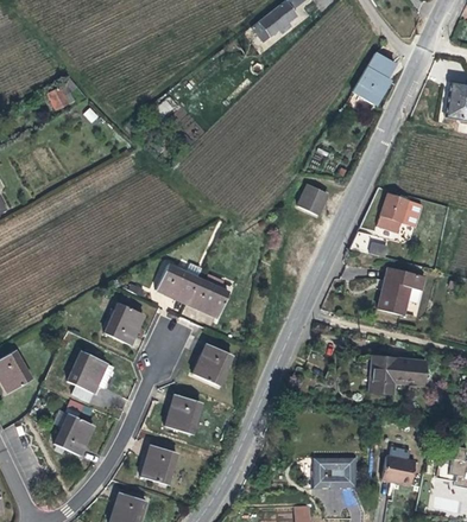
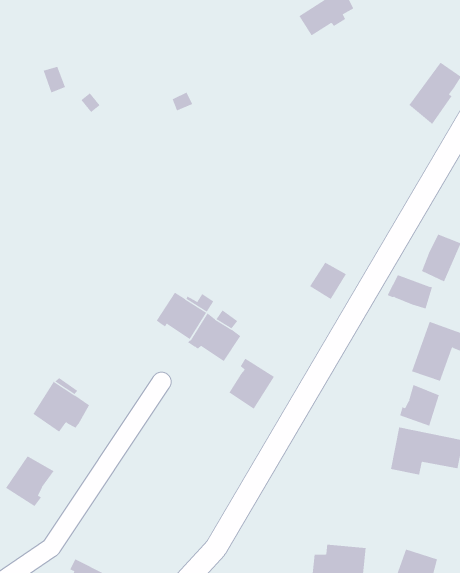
building: [298,185,328,216] -> [309,262,347,300]
building: [108,299,145,342] -> none
building: none -> [399,384,440,426]
building: [197,346,234,388] -> [228,358,275,409]
building: [166,393,202,434] -> none
building: [139,444,173,484] -> none

